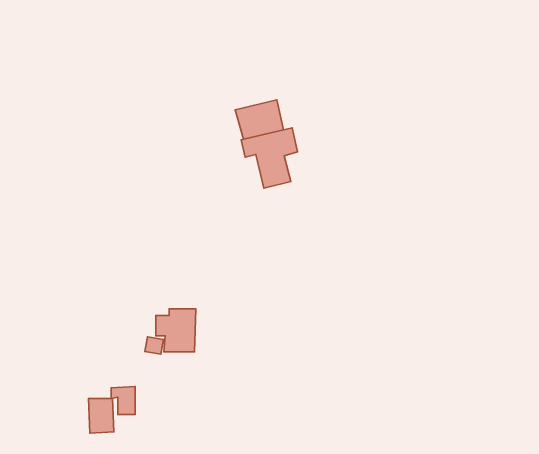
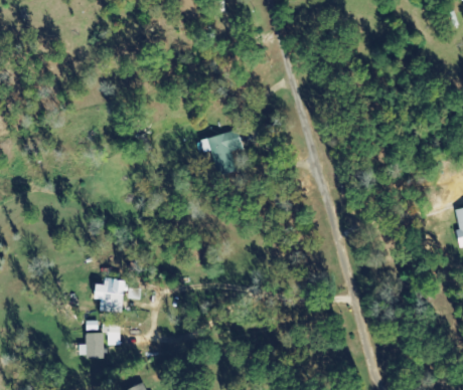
building: [235,100,283,139] -> none
building: [156,309,196,352] -> [95,279,125,312]

